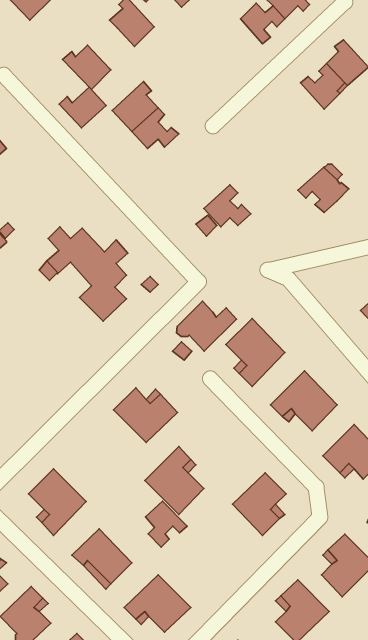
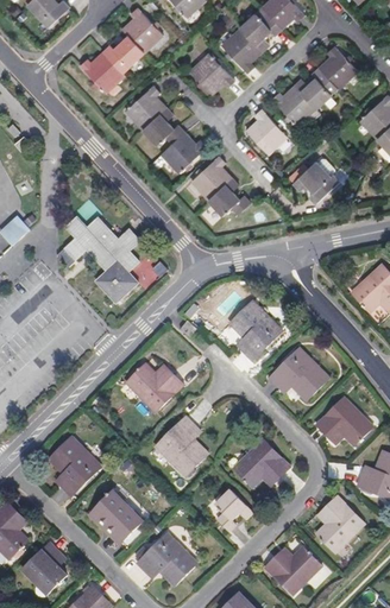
building: none -> [221,27,262,72]
building: none -> [190,52,234,93]
building: none -> [272,86,321,126]
building: [59,87,106,128] -> [102,36,145,72]
building: none -> [247,108,288,153]
building: none -> [162,132,207,172]
building: none -> [191,156,232,200]
building: [176,301,237,351] -> none
building: [145,501,187,547] -> [215,489,253,531]

